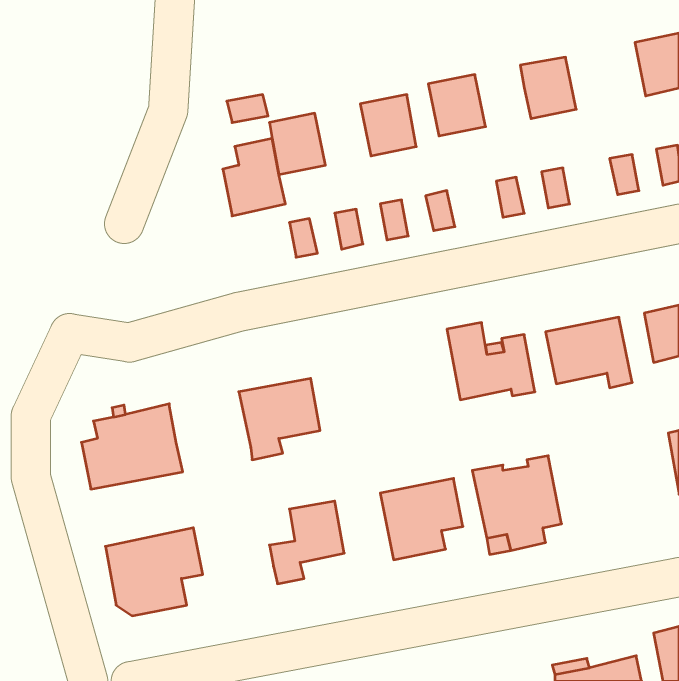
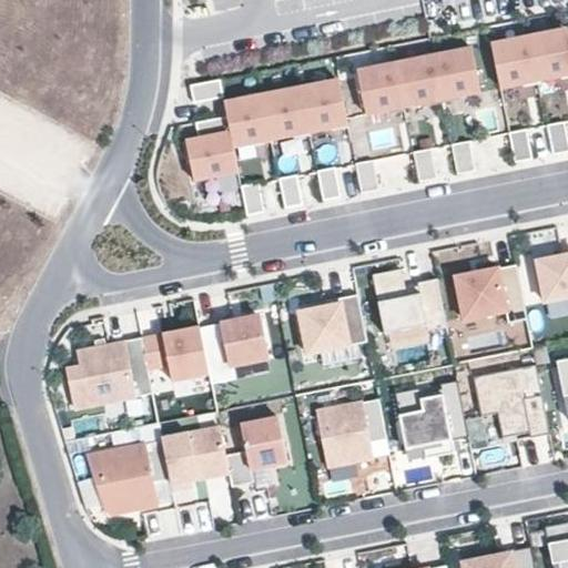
building: none -> [490,36,537,87]
building: none -> [395,54,442,105]
building: none -> [262,87,308,138]
building: none -> [296,294,366,353]
building: none -> [141,326,209,381]
building: none -> [473,364,549,437]
building: none -> [161,426,227,488]

